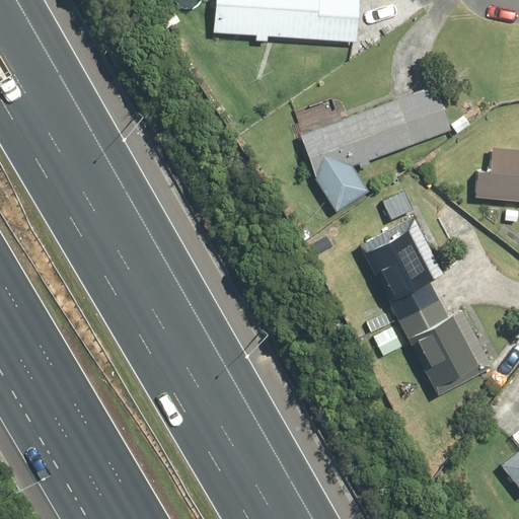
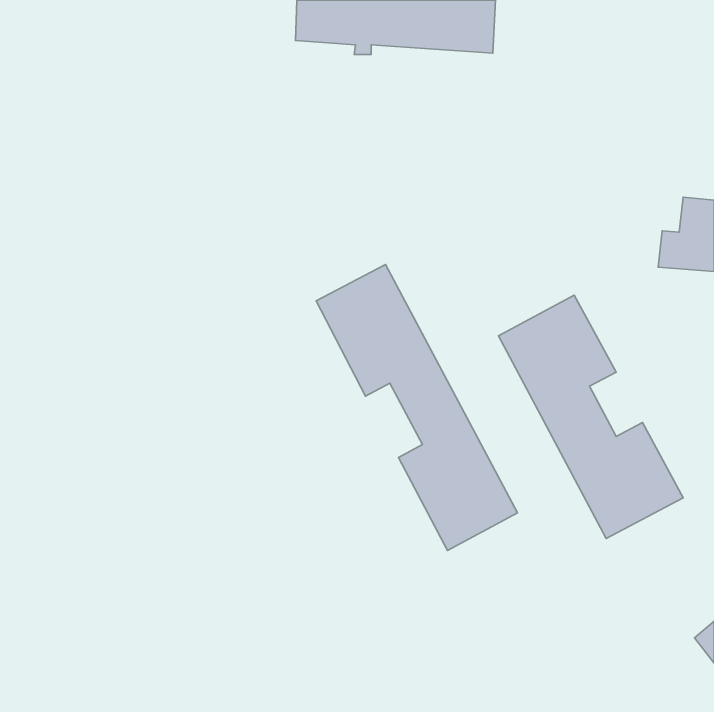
building: [300,85,452,211] -> none
building: none -> [316,265,517,550]

